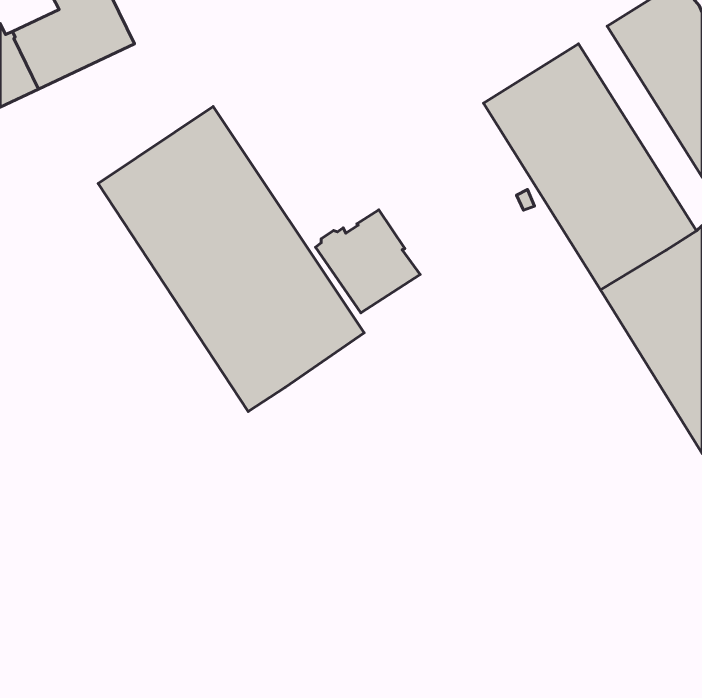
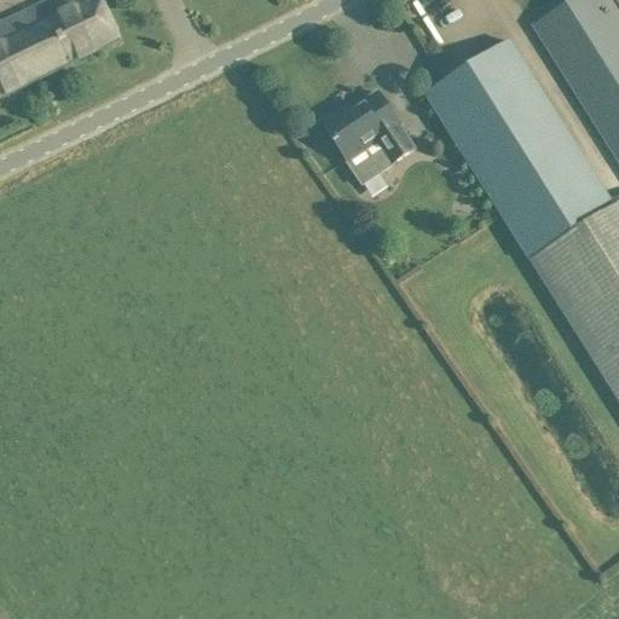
building: [98,107,364,412] -> none
building: [316,210,420,313] -> [323,91,415,181]

